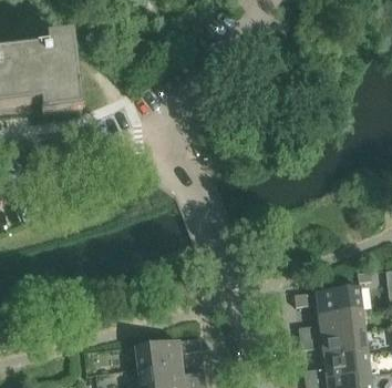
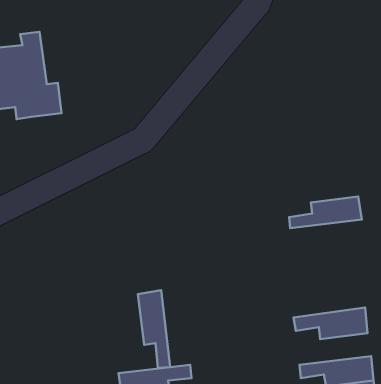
building: none -> [138,290,170,368]
building: [299,308,365,337] -> [289,196,362,228]

